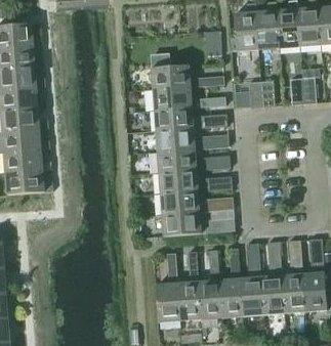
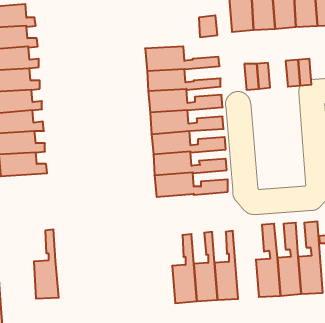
building: [161,212,234,236] -> none
building: [239,244,262,316] -> none
building: [155,253,179,321] -> [34,230,59,299]

